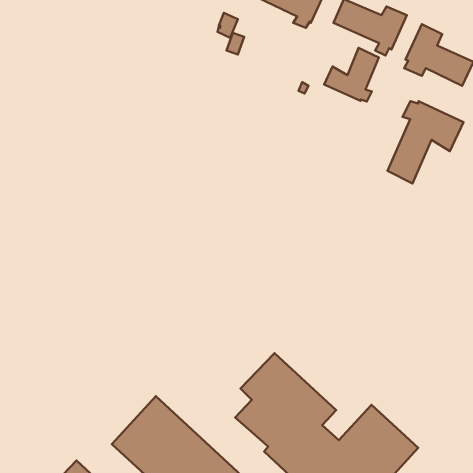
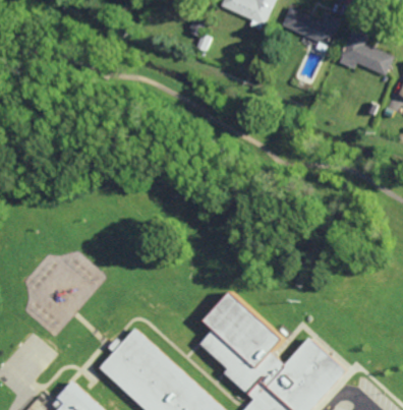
building: [324,48,379,101] -> none
building: [387,101,463,183] -> none

